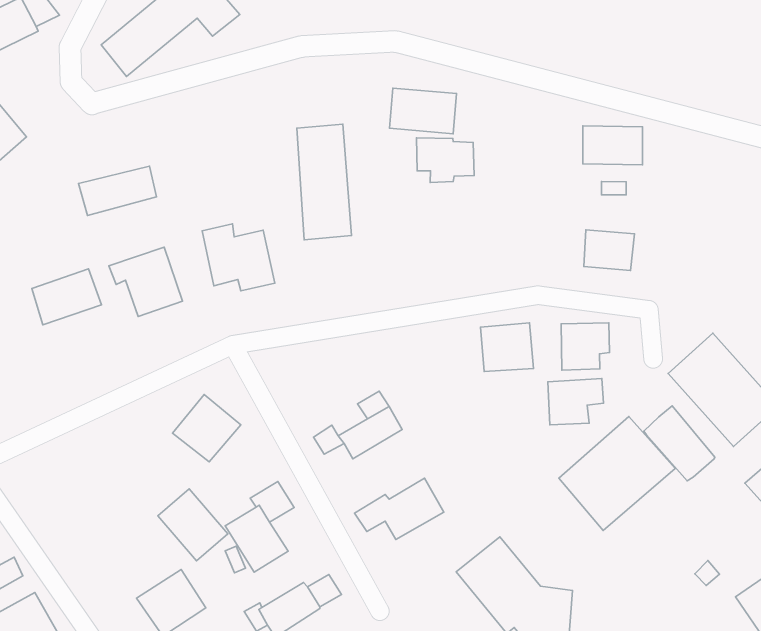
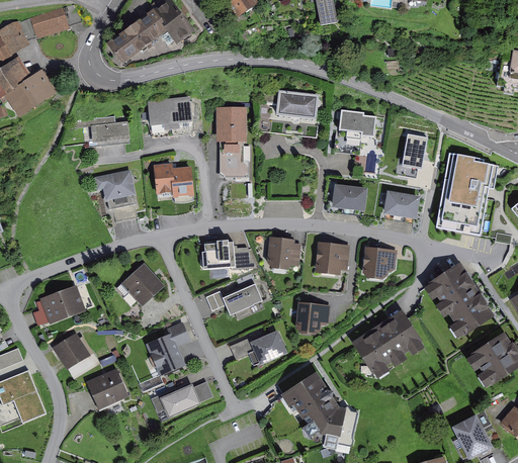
building: none -> [146,97,192,133]
building: [416,138,474,183] -> [339,108,375,137]
building: none -> [433,153,495,235]
building: none -> [333,183,367,212]
building: [32,269,102,325] -> none
building: none -> [267,237,298,269]
building: none -> [199,241,234,268]
building: [548,378,603,425] -> [295,303,331,332]
building: [644,406,715,481] -> none
building: none -> [42,284,84,322]
building: [158,489,228,561] -> [54,333,95,377]

